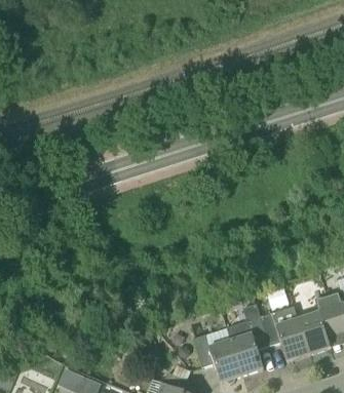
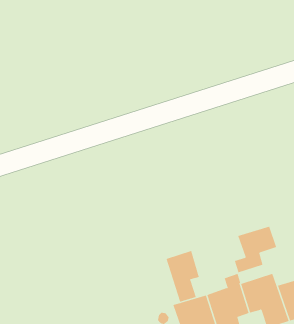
building: none -> [234,226,277,273]
building: none -> [166,250,200,303]

